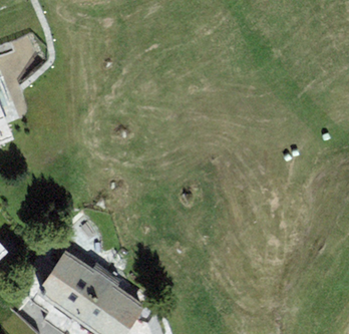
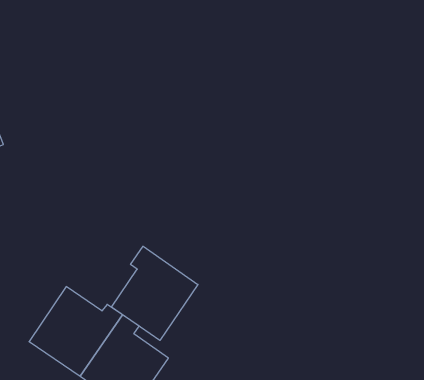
building: none -> [111,246,198,340]

